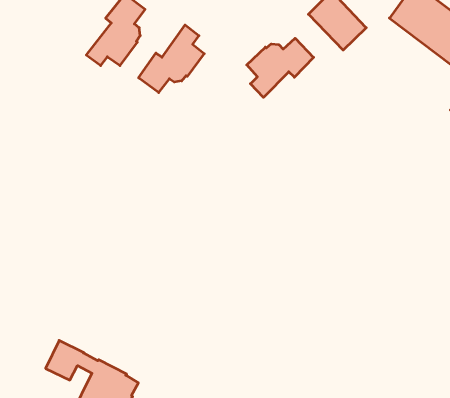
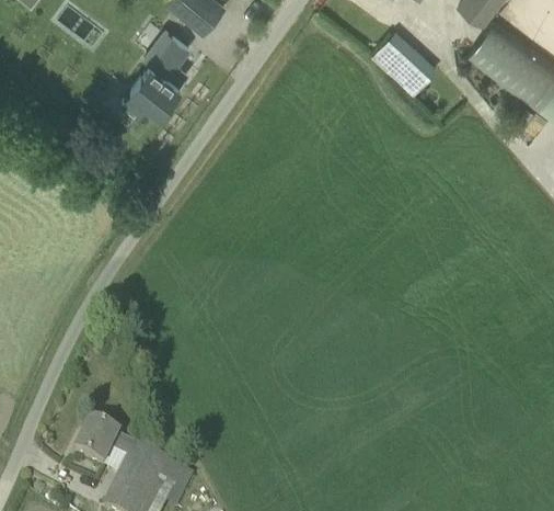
building: [139,25,204,93] -> none
building: [247,38,314,97] -> none

